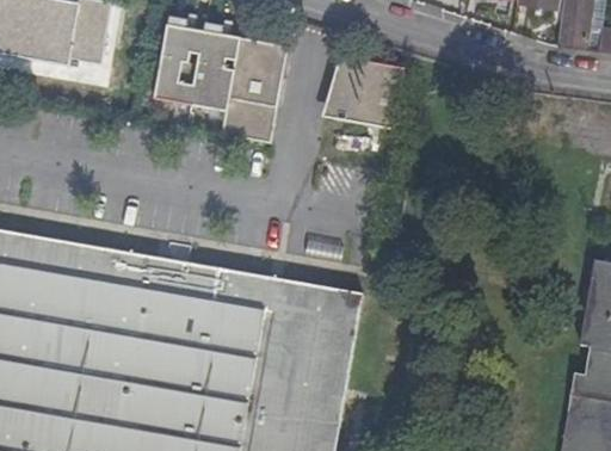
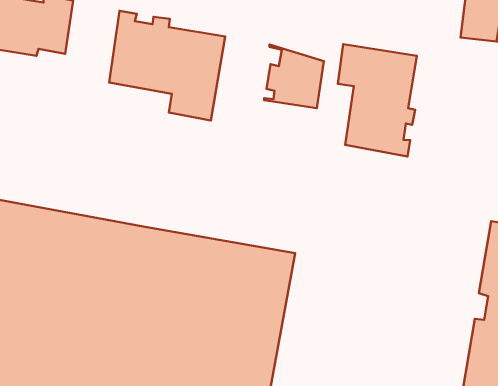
building: none -> [338,44,417,156]

